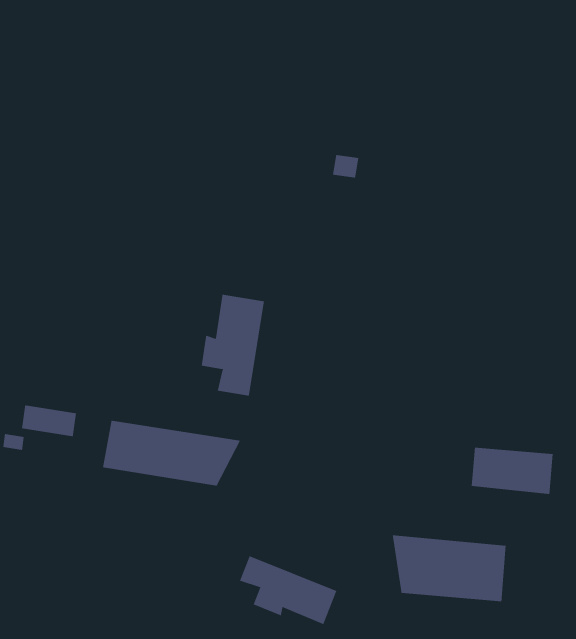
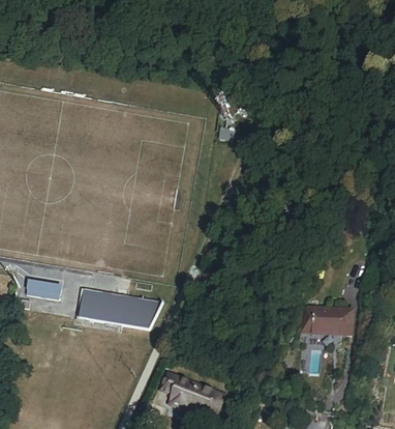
building: [201,294,265,396] -> none
building: [392,534,506,602] -> none

